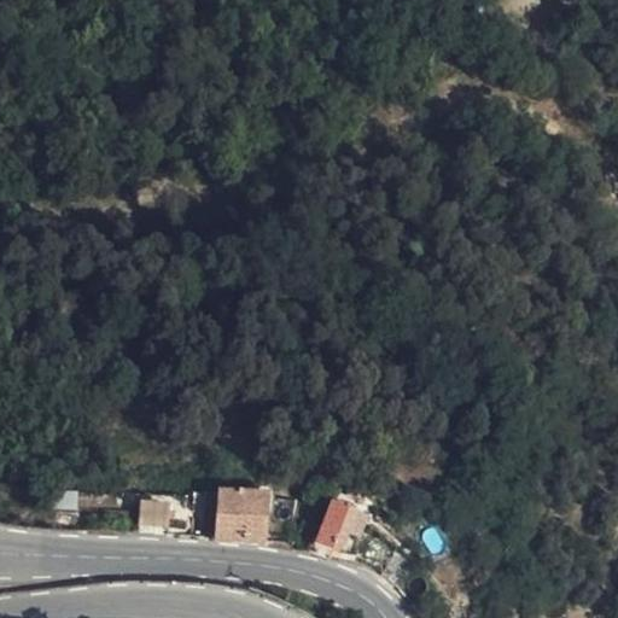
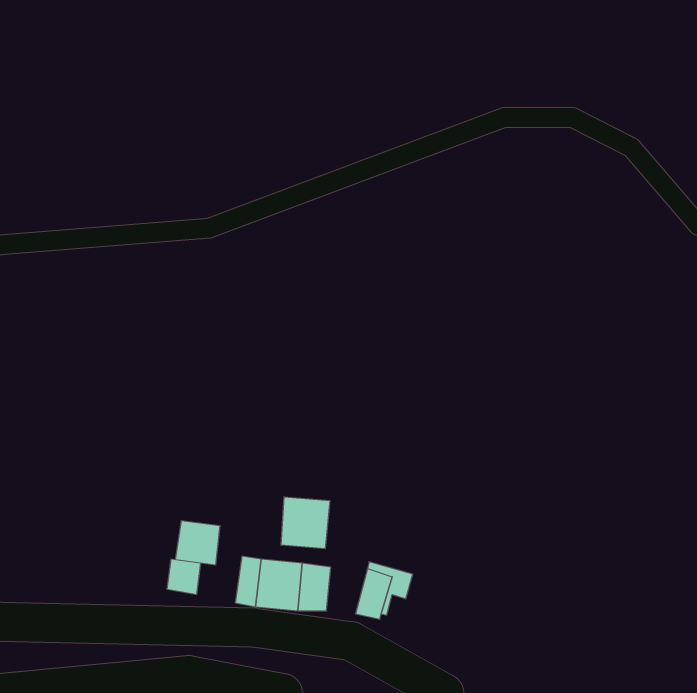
building: none -> [281,497,330,549]
building: none -> [176,521,220,565]

